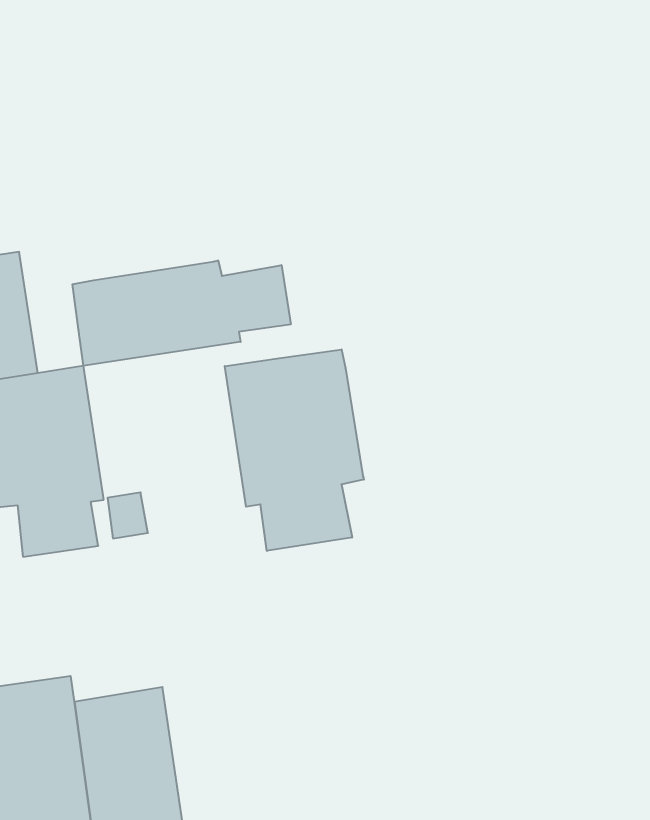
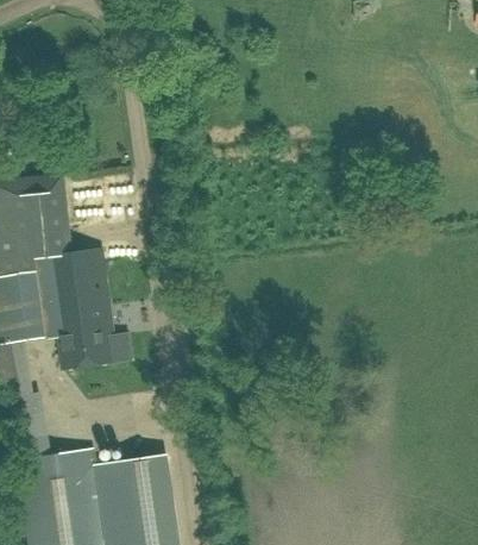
building: [72,260,291,366] -> none
building: [225,349,364,551] -> none

